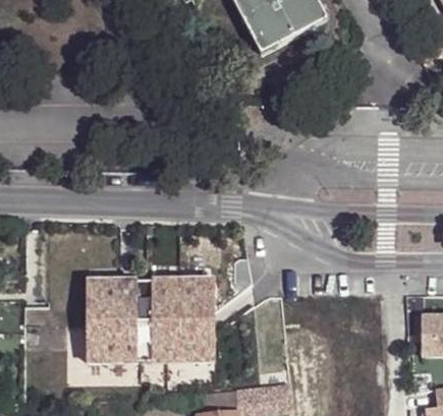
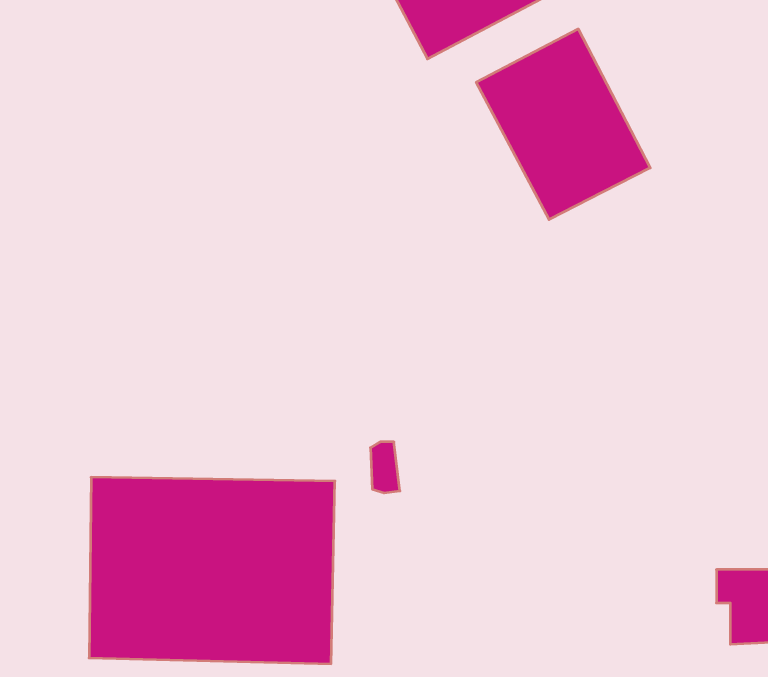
building: none -> [476,29,650,220]

